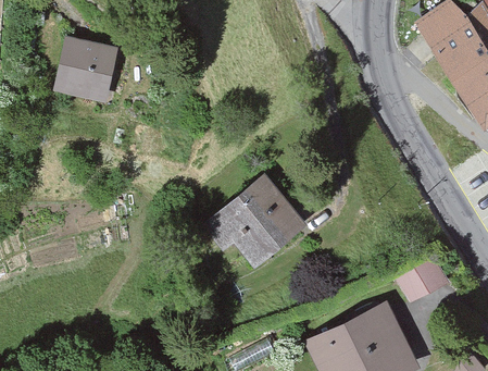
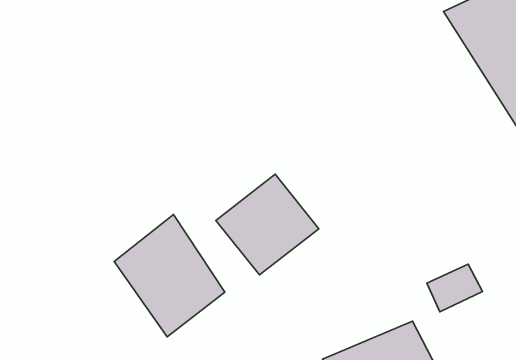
building: [51,40,121,107] -> none
building: none -> [114,215,225,337]

